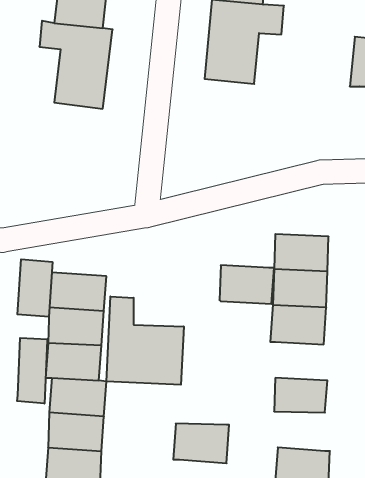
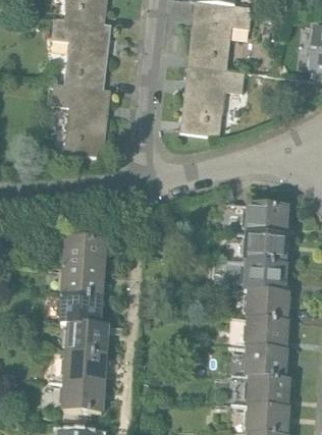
building: none -> [181,70,246,142]
building: none -> [51,89,111,162]
building: [17,259,52,317] -> none
building: [219,265,274,304] -> [245,286,289,318]
building: [106,296,184,385] -> none
building: [17,338,47,404] -> none
building: [173,424,229,463] -> [243,343,288,376]

